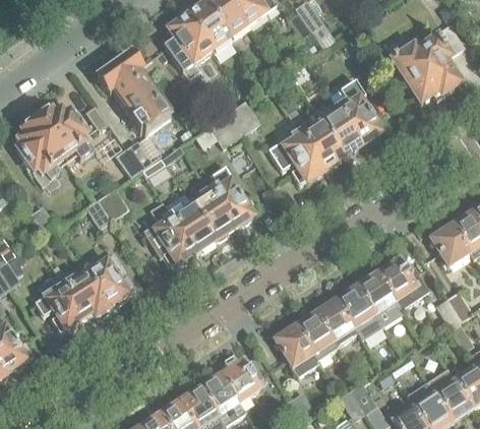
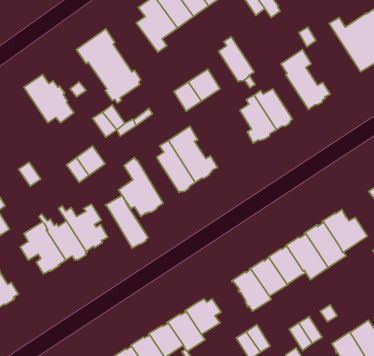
building: [321,106,362,157] -> [219,37,254,82]
building: [15,120,65,189] -> none
building: [166,192,215,252] -> [105,195,148,248]

